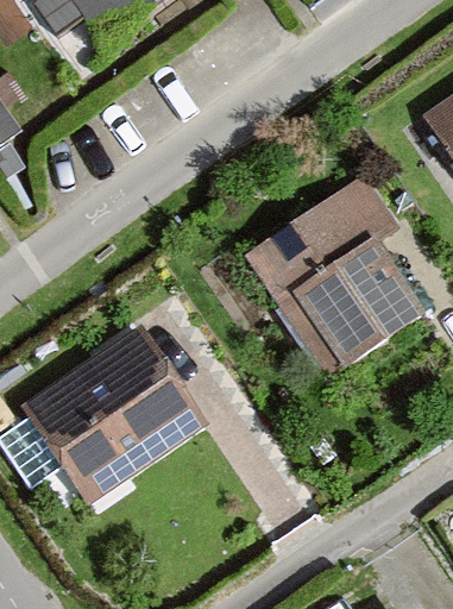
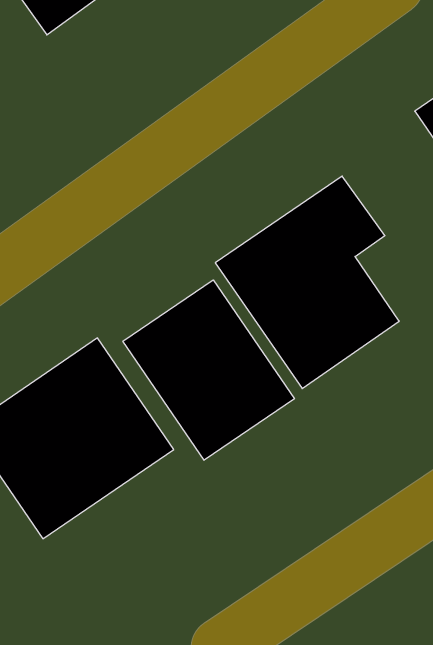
building: none -> [123,280,294,460]

